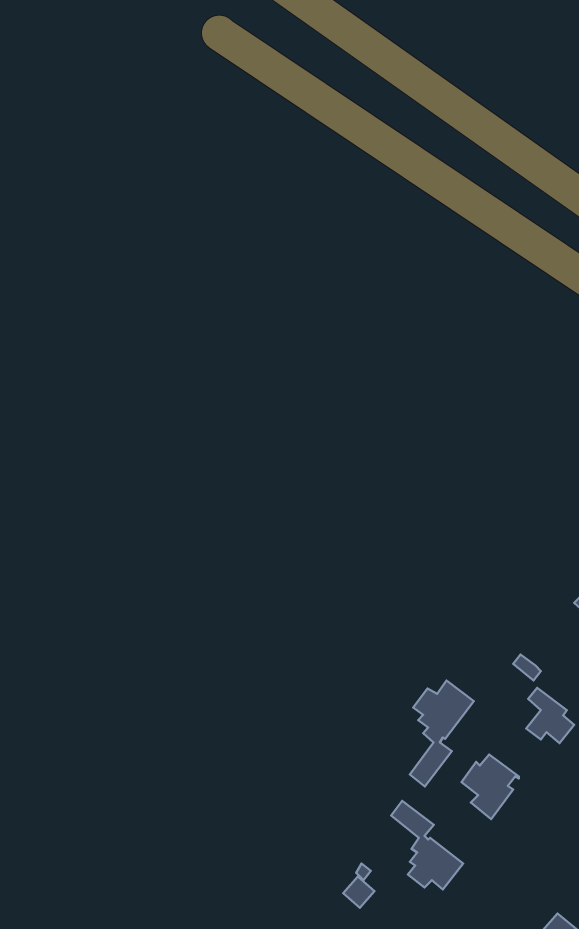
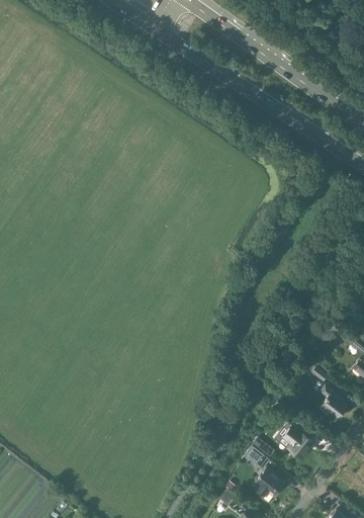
building: [410,681,474,786] -> none

